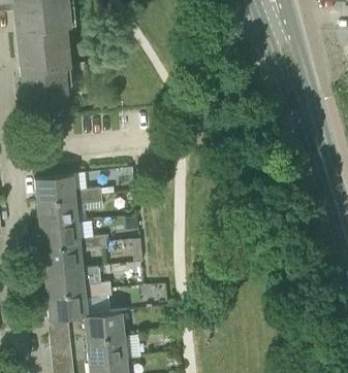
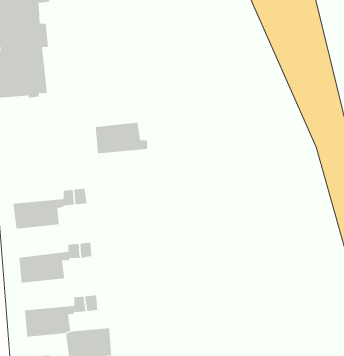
building: [34,175,81,203] -> [95,122,148,154]
building: [39,222,85,250] -> none
building: [43,269,90,297] -> none

